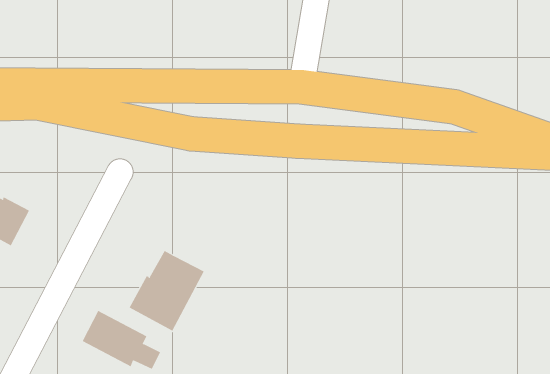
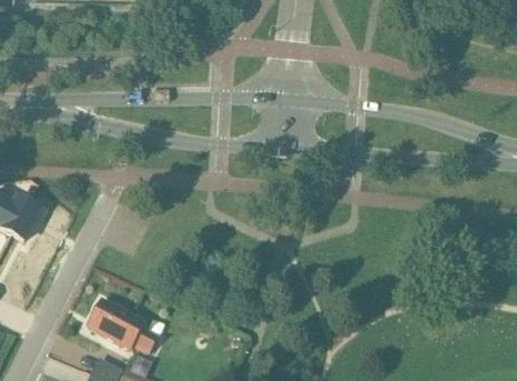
building: [129,250,204,332] -> none

